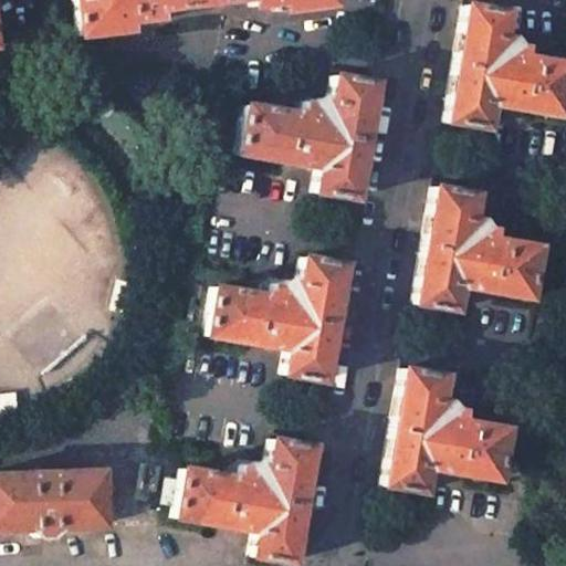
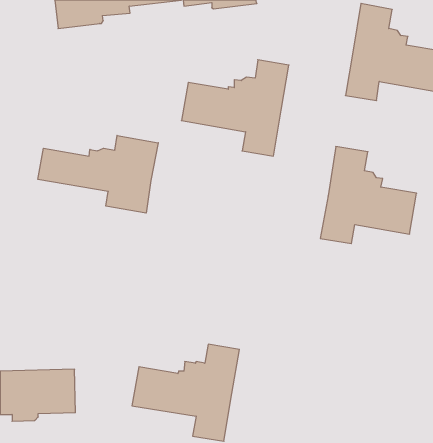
building: none -> [38,135,158,213]
building: [213,258,350,381] -> none
building: [389,368,512,492] -> none

